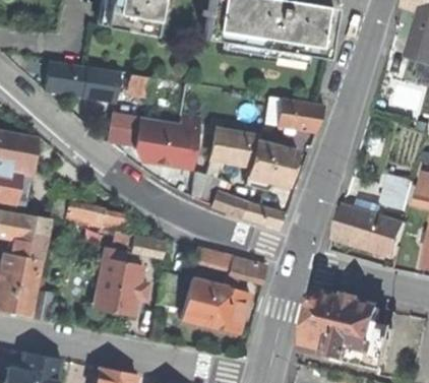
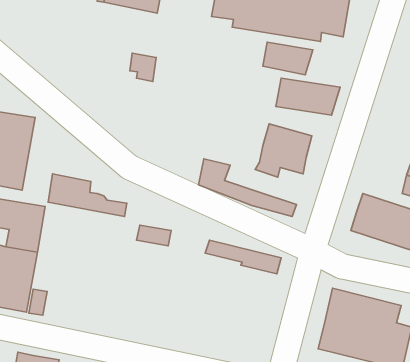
building: [46,63,121,102] -> none
building: [109,113,200,169] -> none
building: [213,130,260,161] -> [263,42,313,75]
building: [95,248,150,315] -> none
building: [160,269,253,331] -> none

